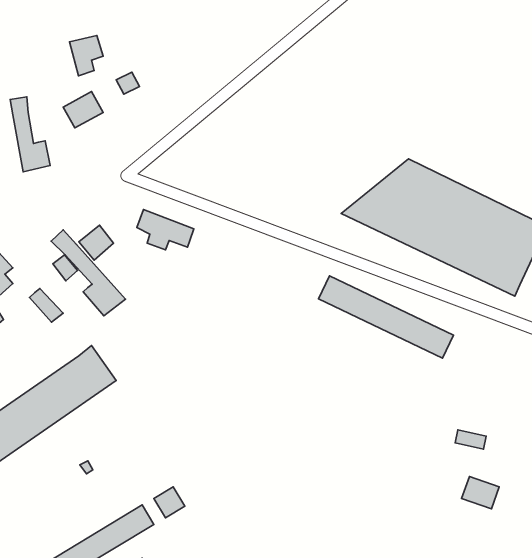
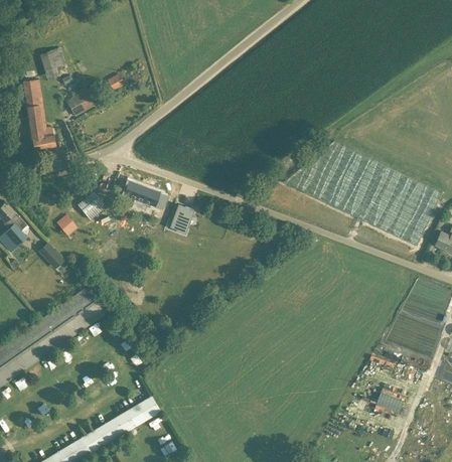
building: [70,36,103,76] -> [40,47,66,79]
building: [51,230,125,316] -> none
building: none -> [171,203,194,233]
building: [318,276,453,358] -> none

